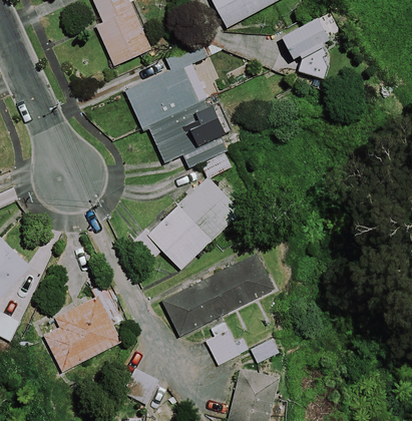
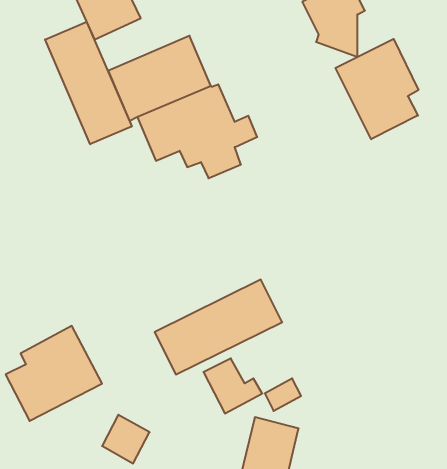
building: none -> [45,22,132,144]
building: none -> [335,39,418,139]
building: [133,176,242,269] -> none

